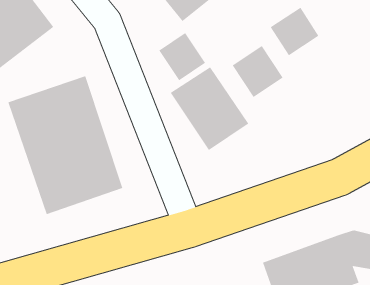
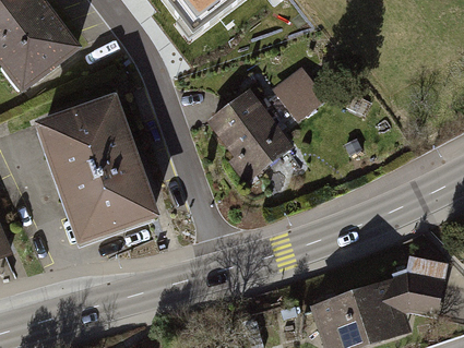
building: [270,7,319,56] -> none
building: [158,32,206,81] -> none

